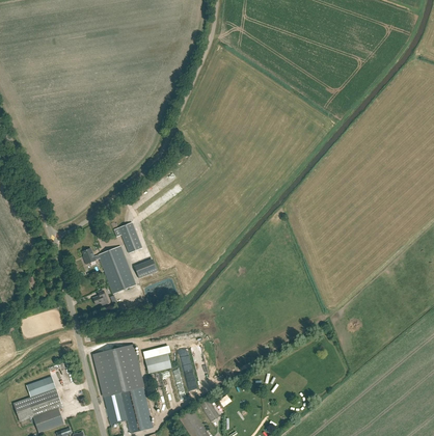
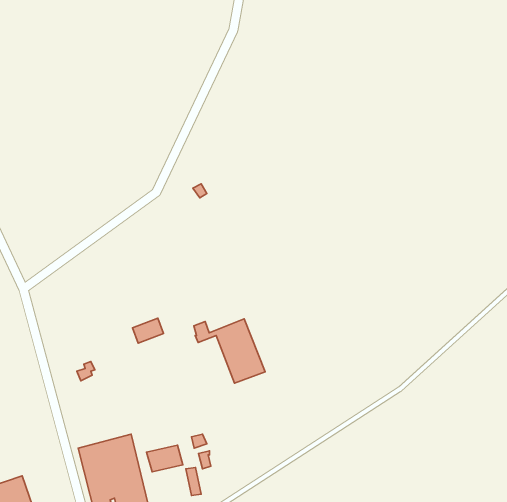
building: [113,222,141,252] -> none
building: [83,246,136,294] -> [194,319,265,383]

